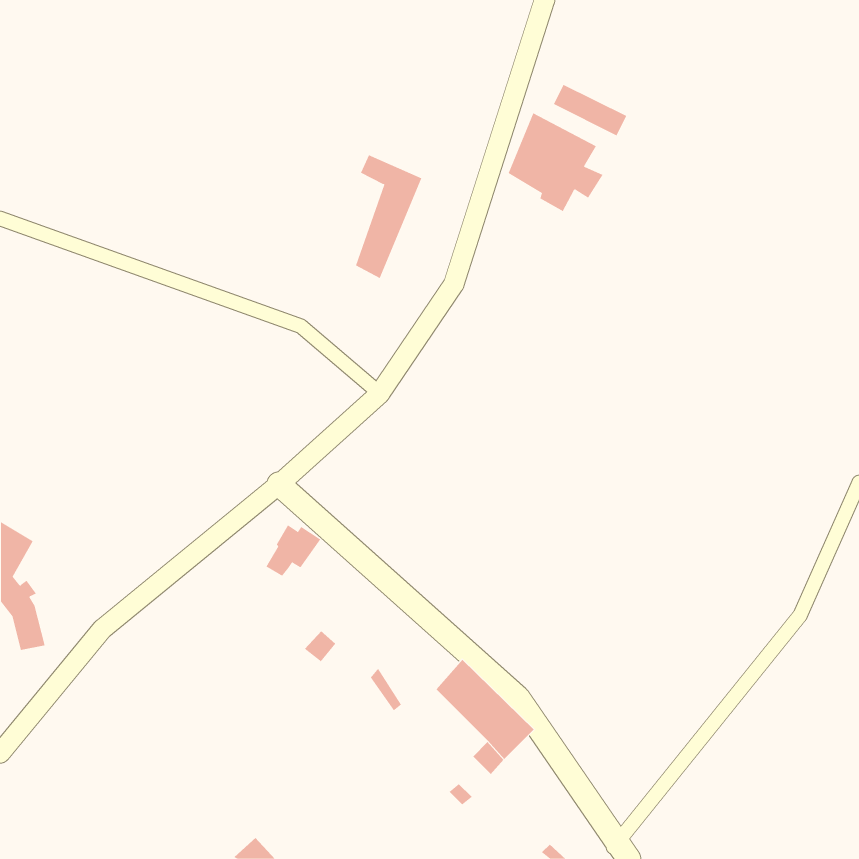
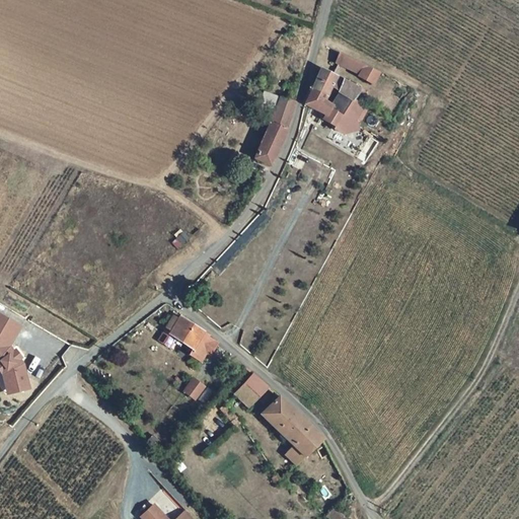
building: [355,154,422,279] -> [256,90,297,165]
building: none -> [181,325,218,362]
building: none -> [236,374,270,406]

